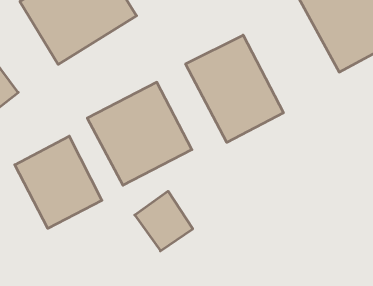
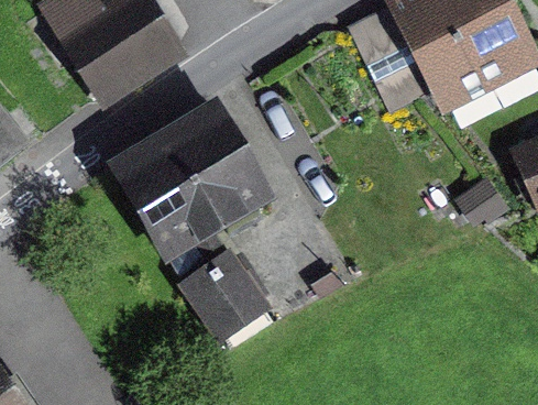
building: [186,35,283,142] -> none
building: [15,136,102,228] -> none

